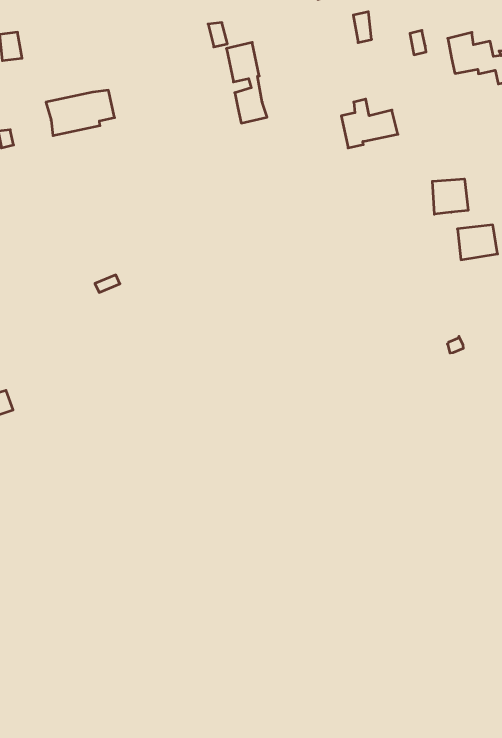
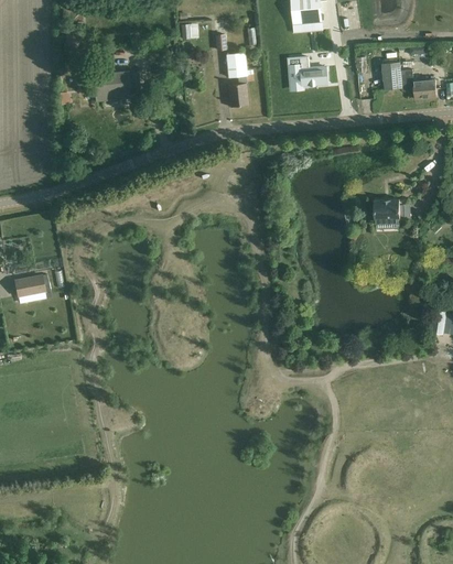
building: [341,99,398,148] -> [290,56,328,89]
building: [432,179,468,214] -> none

